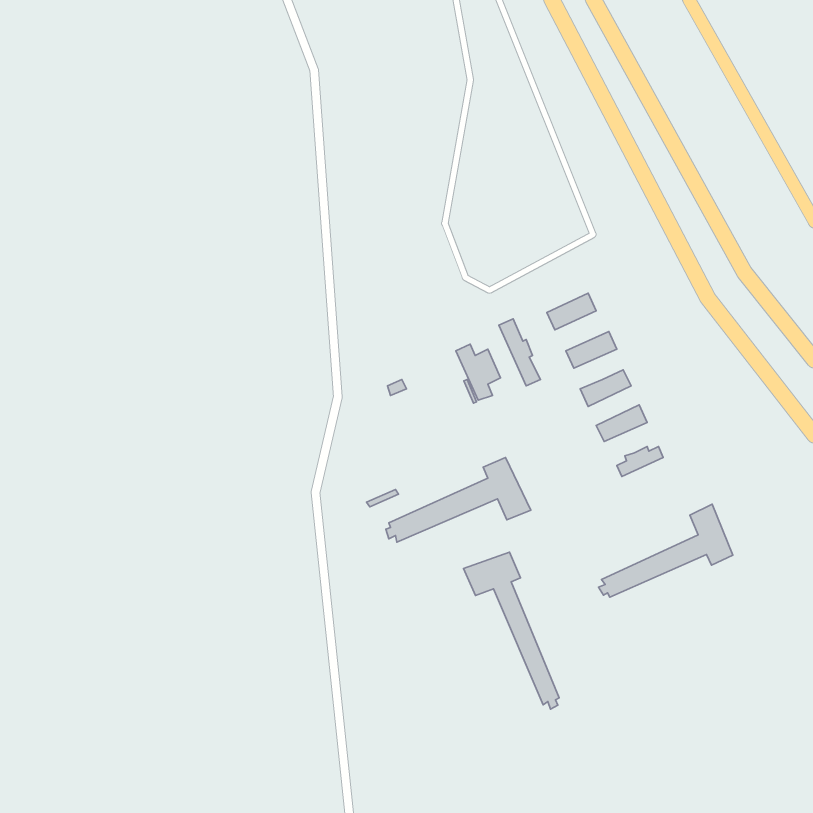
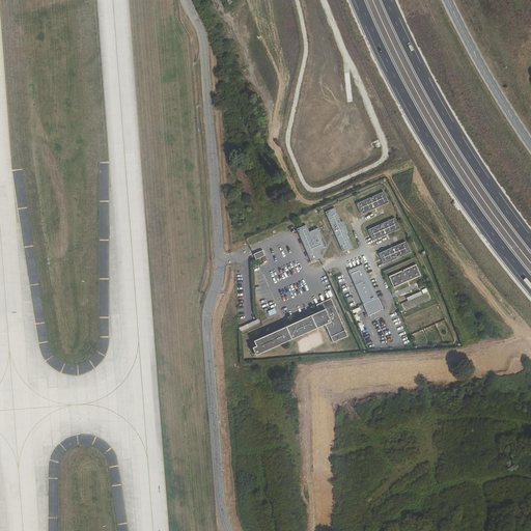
building: none -> [346,264,382,317]
building: [599,504,733,597] -> none
building: [463,552,559,709] -> none

